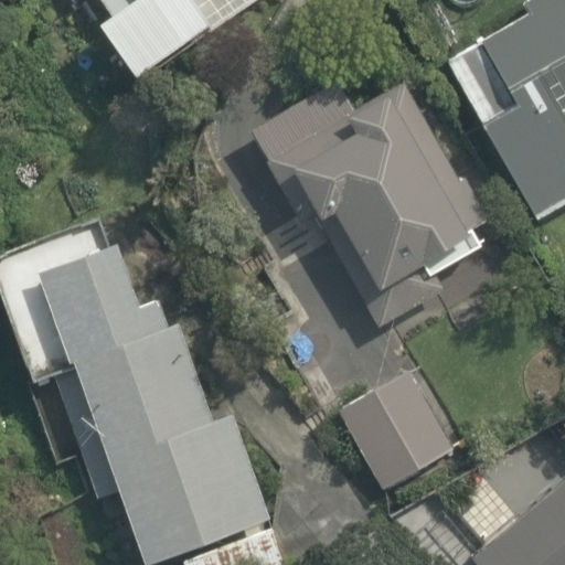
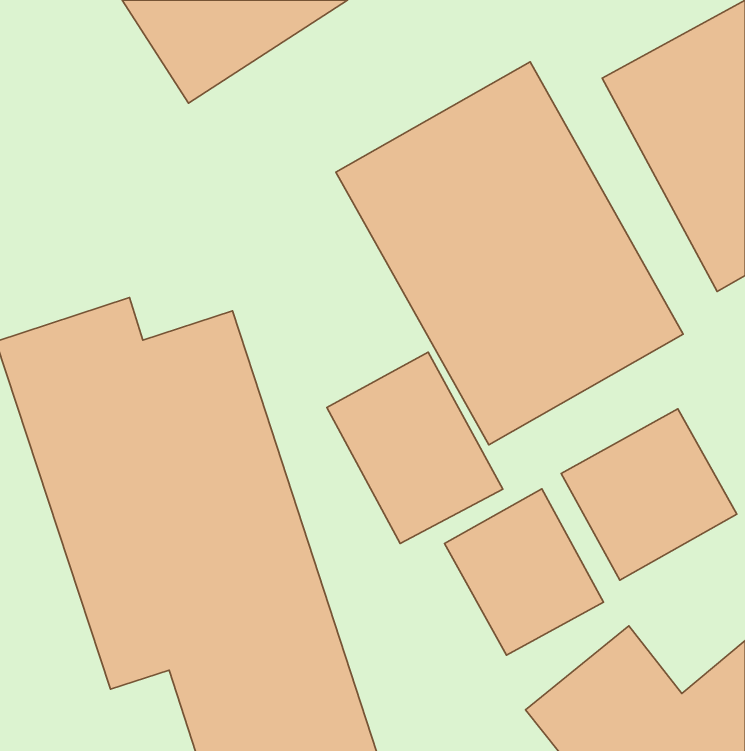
building: none -> [327,352,503,543]
building: none -> [561,409,737,580]

